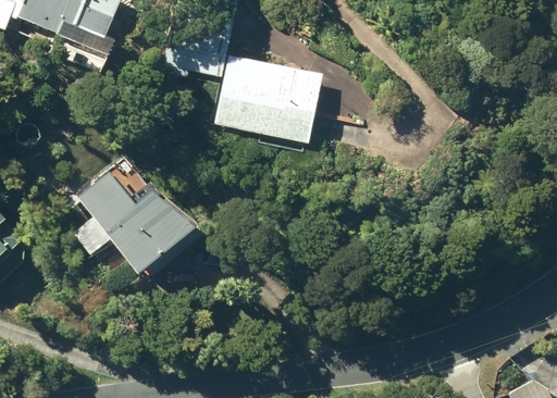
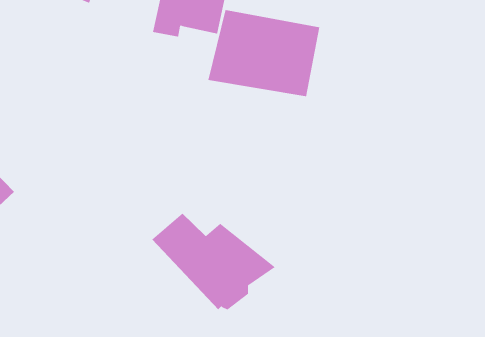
building: [71,174,202,277] -> [152,213,276,310]

